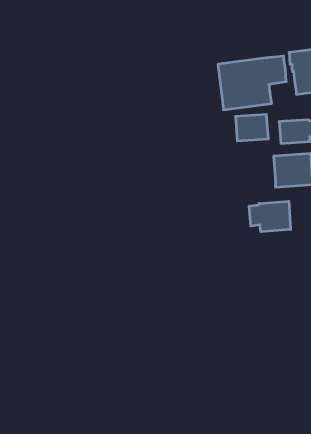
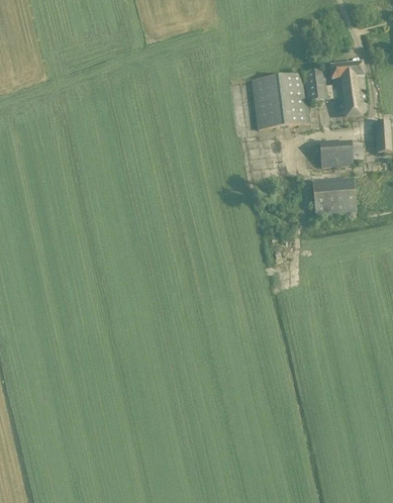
building: [236,114,268,141] -> none
building: [249,201,291,232] -> none

